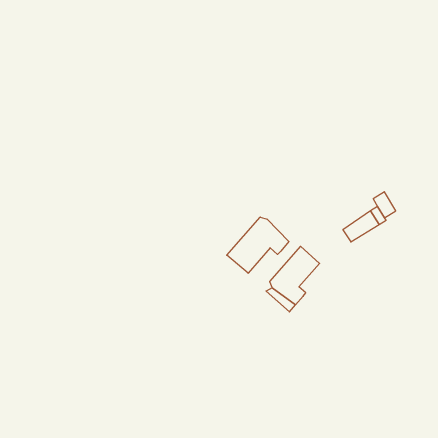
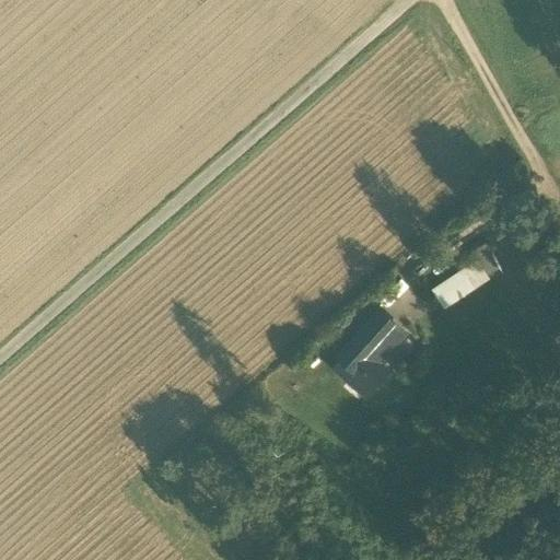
building: [227,217,289,273] -> none

